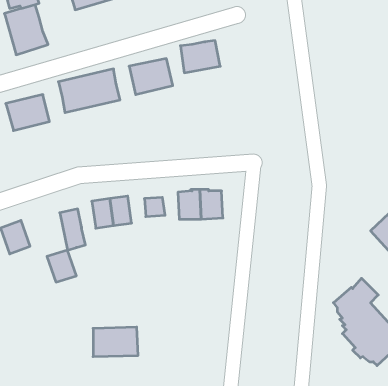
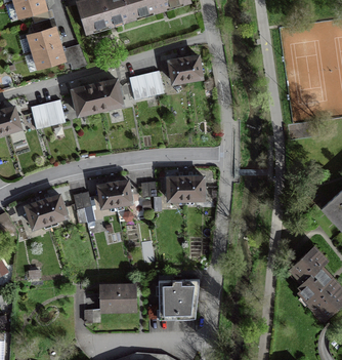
building: [47,250,76,282] -> [43,196,67,222]
building: none -> [159,279,200,317]

